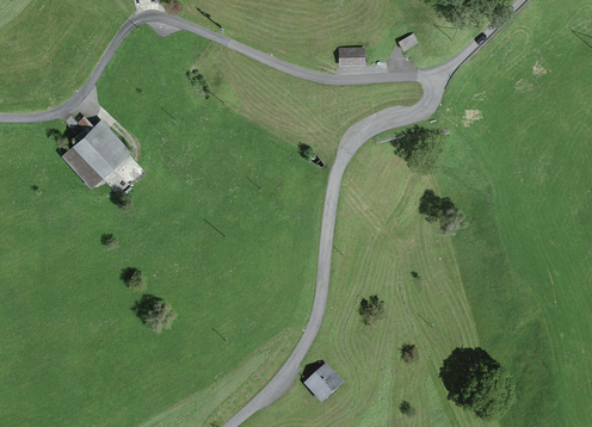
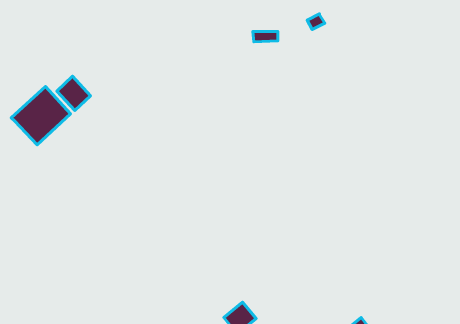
building: none -> [57,76,91,111]

